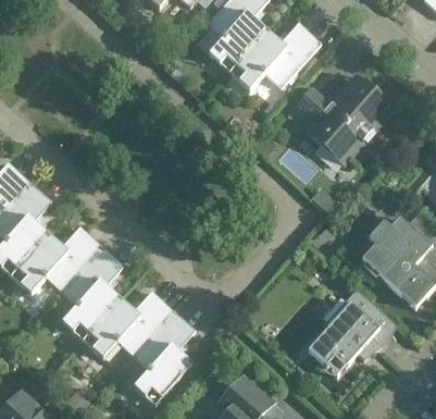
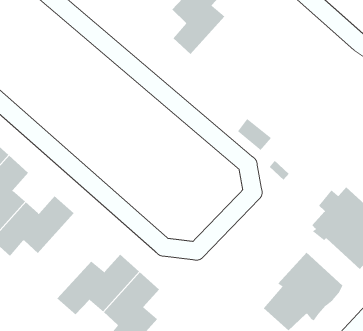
building: [228,23,320,90] -> none
building: [290,76,393,165] -> none
building: [61,246,123,340] -> none

